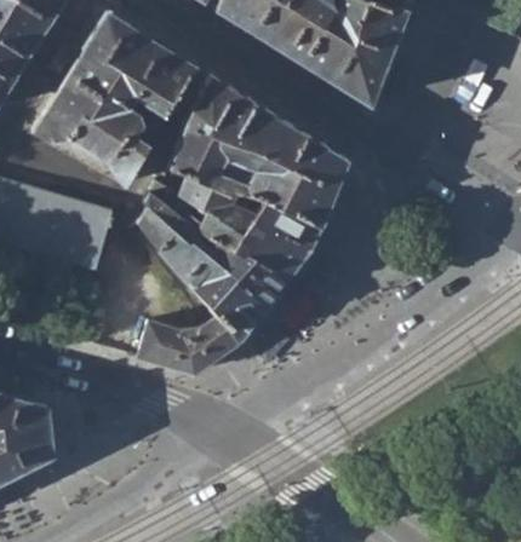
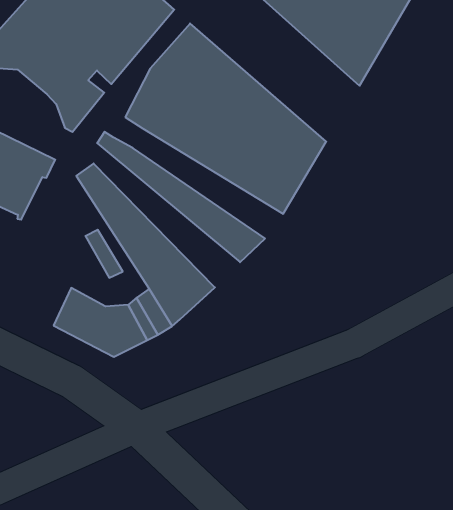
building: [181,174,321,252] -> none
building: [144,194,291,301] -> none

